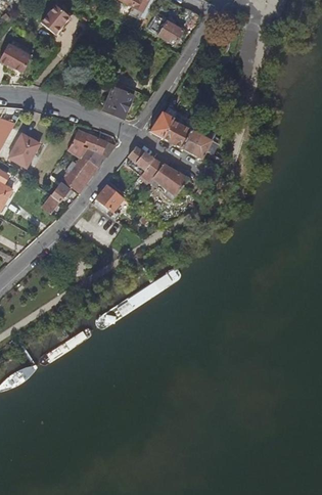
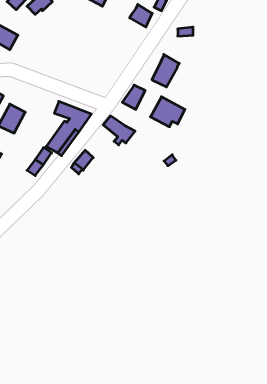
building: [102,81,133,119] -> none
building: [164,110,194,147] -> [152,54,179,87]
building: [152,164,187,195] -> none

